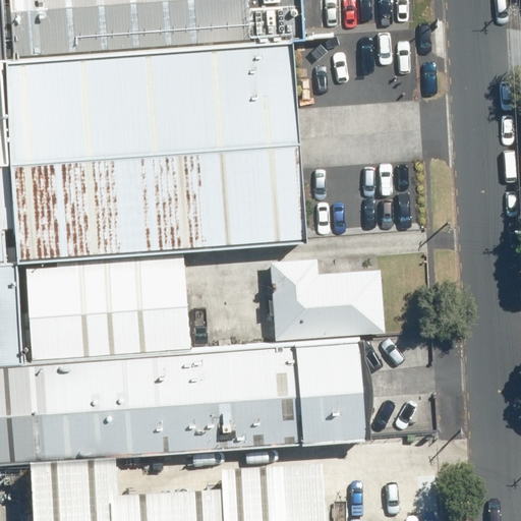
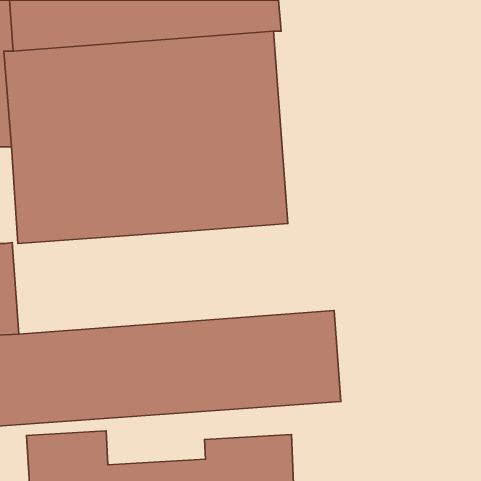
building: [19,253,185,357] -> none
building: [268,259,380,339] -> none

